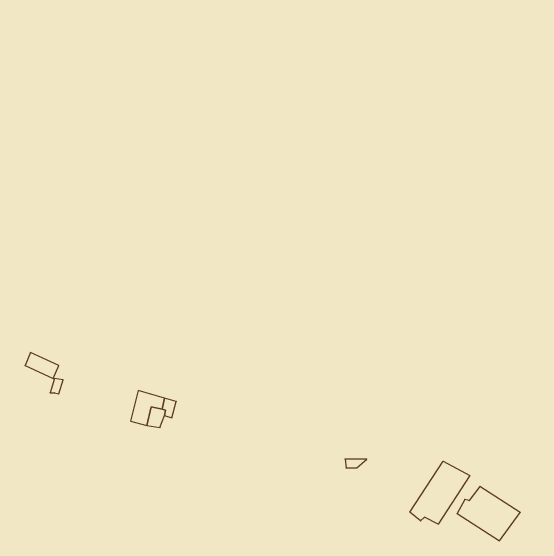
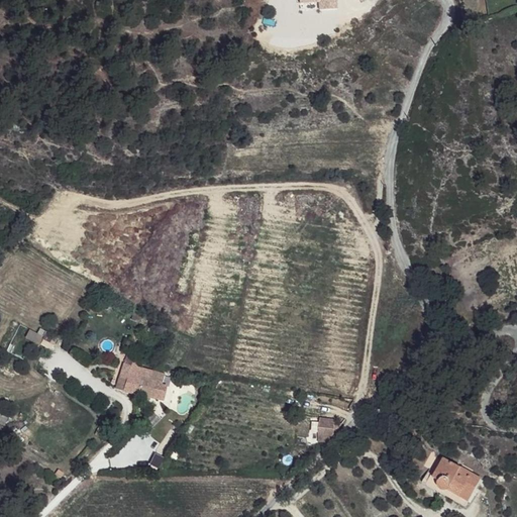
building: [410,461,470,524] -> none

